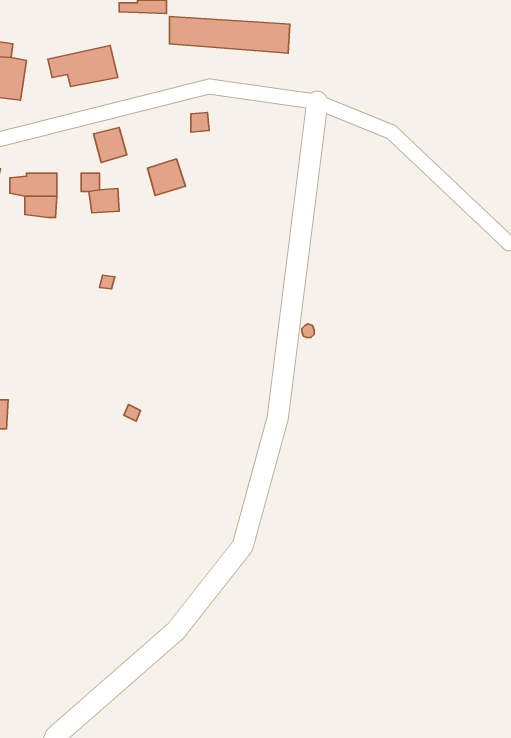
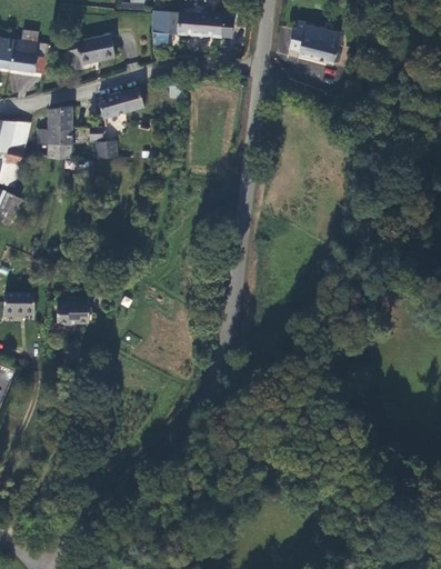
building: none -> [289,20,341,62]
building: none -> [49,106,71,127]
building: [148,159,186,195] -> [117,87,144,113]
building: none -> [57,299,89,326]

